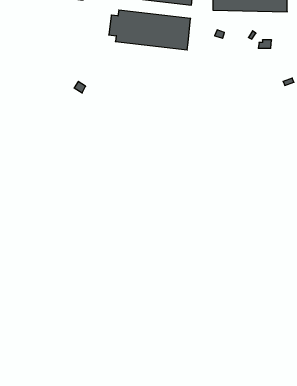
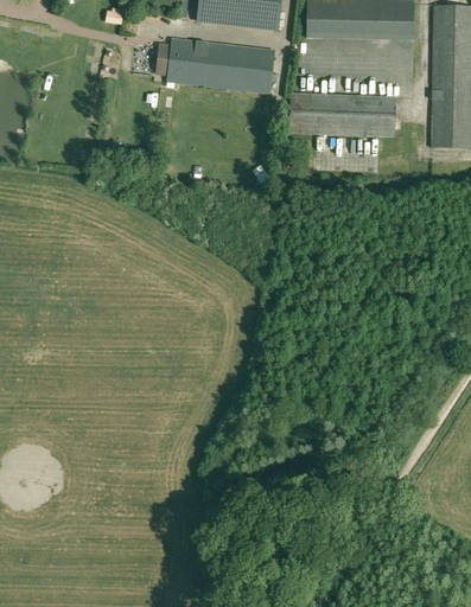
building: none -> [288,92,395,136]

